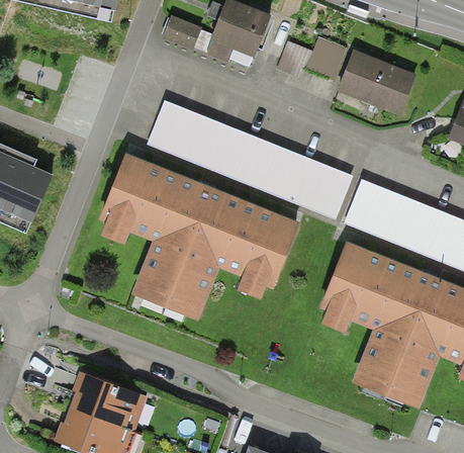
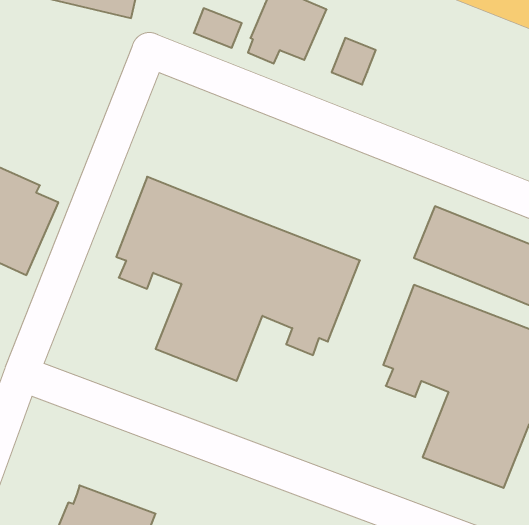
building: [306,35,347,78] -> none
building: [339,50,416,114] -> none
building: [147,100,353,217] -> none
building: [70,370,149,432] -> none

